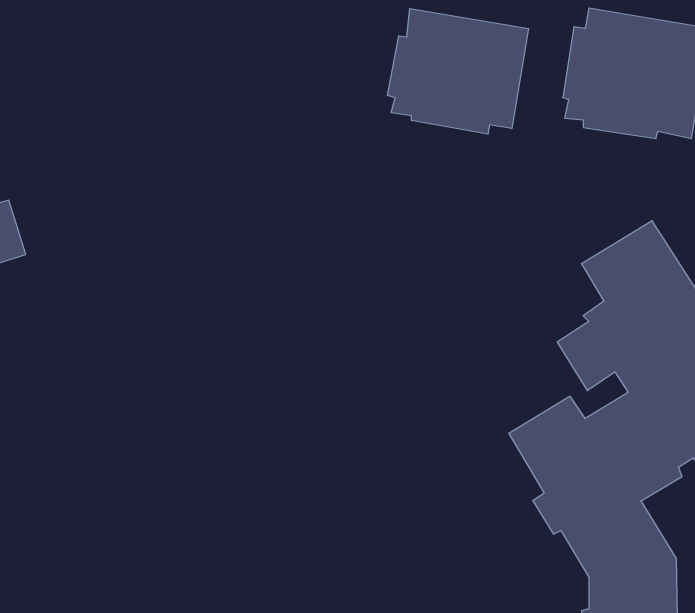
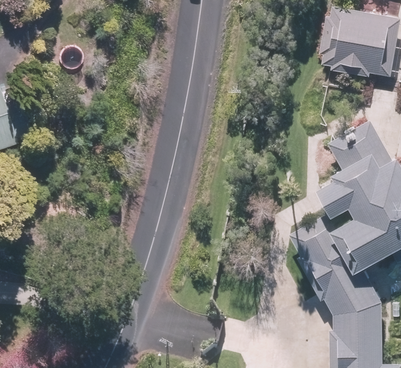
building: [387,8,529,134] -> none

